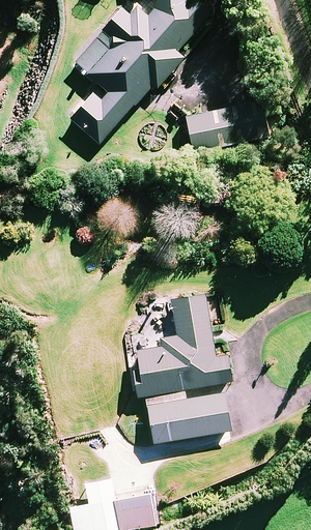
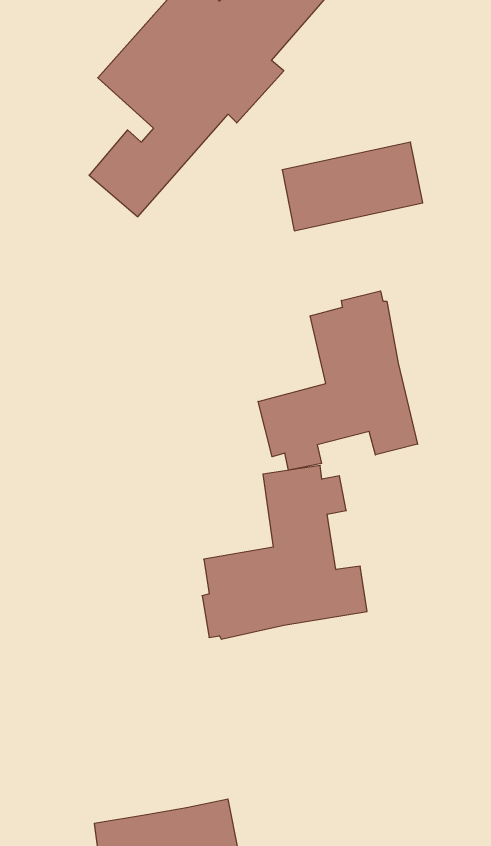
building: none -> [258,291,418,470]
building: [146,389,231,443] -> none

